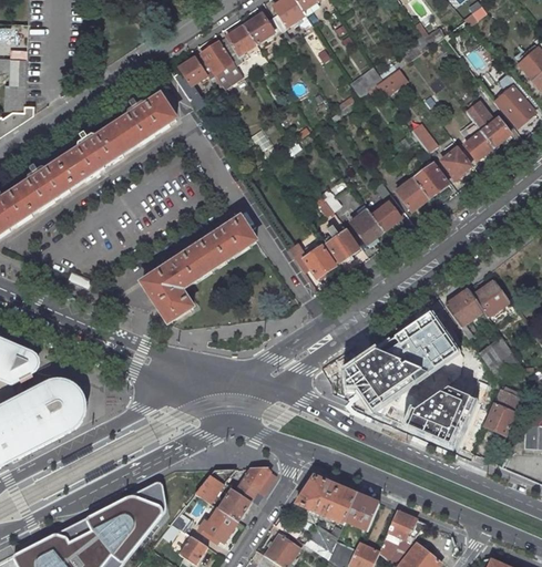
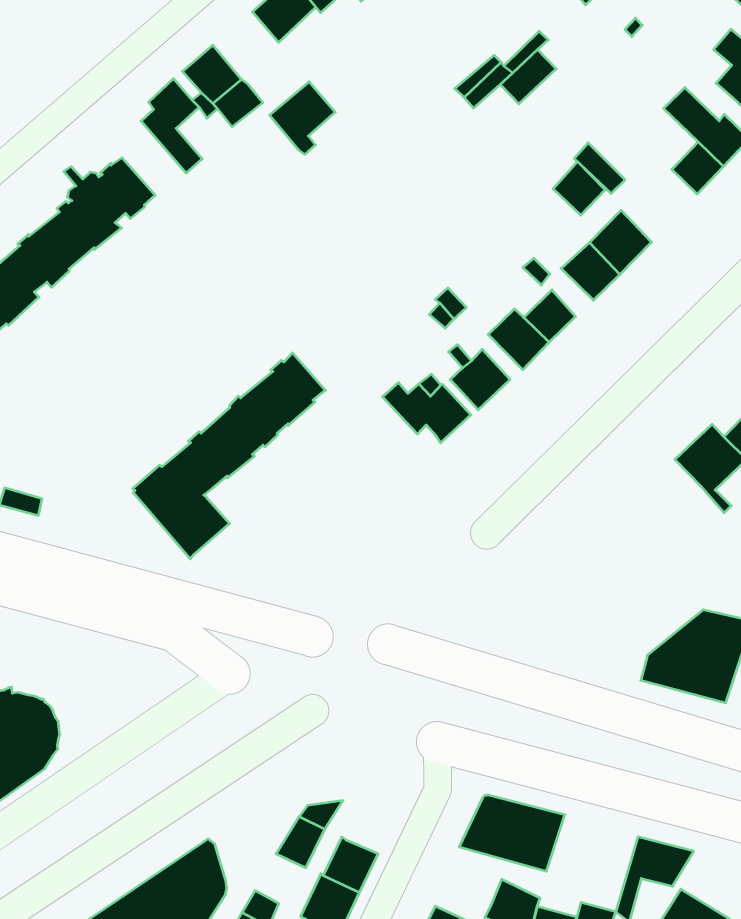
building: [219,25,256,65] -> [270,82,335,154]
building: [441,147,470,177] -> [553,162,605,215]
building: [346,313,458,410] -> none
building: [234,467,275,501] -> none
building: [344,493,379,530] -> none

